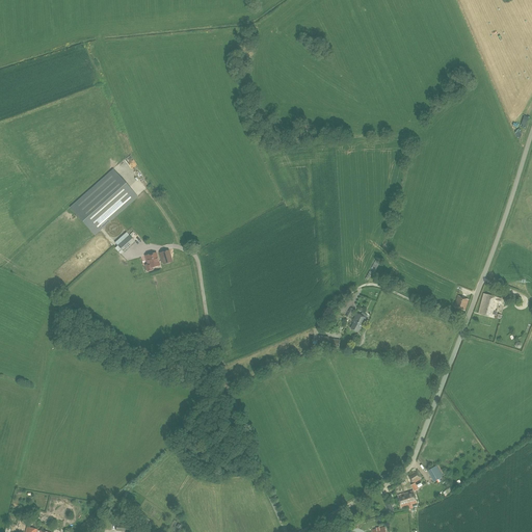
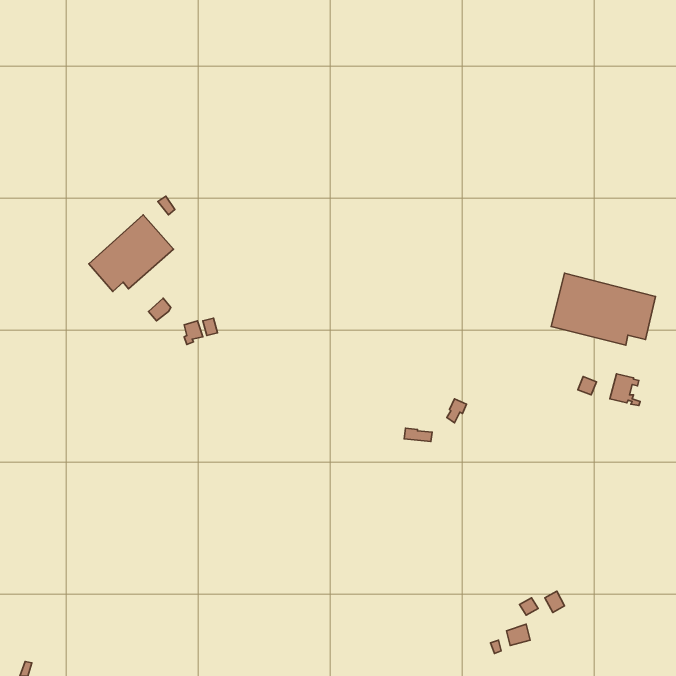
building: none -> [551,273,655,345]

